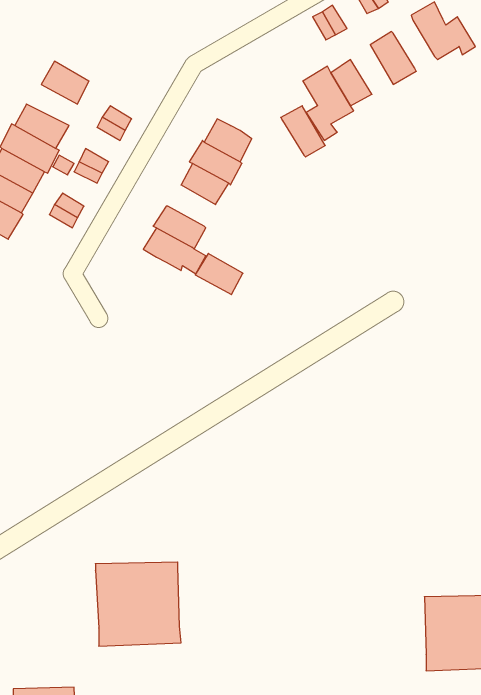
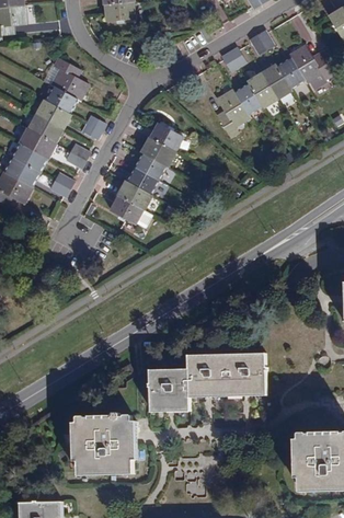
building: none -> [47,55,85,99]
building: none -> [275,57,302,89]
building: none -> [31,99,66,127]
building: [281,106,325,157] -> [245,73,275,107]
building: [195,253,243,295] -> [125,166,157,194]
building: none -> [150,354,267,413]

